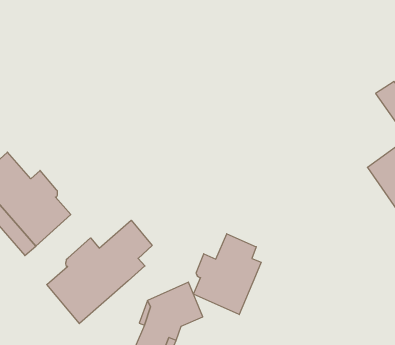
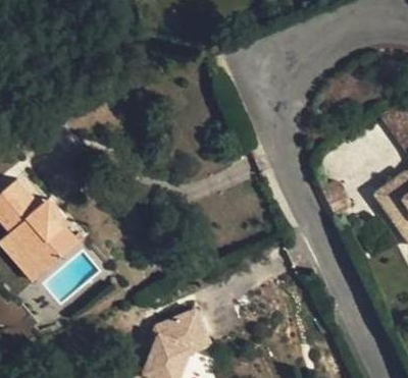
building: [47,220,152,324] -> none
building: [193,234,261,315] -> none

